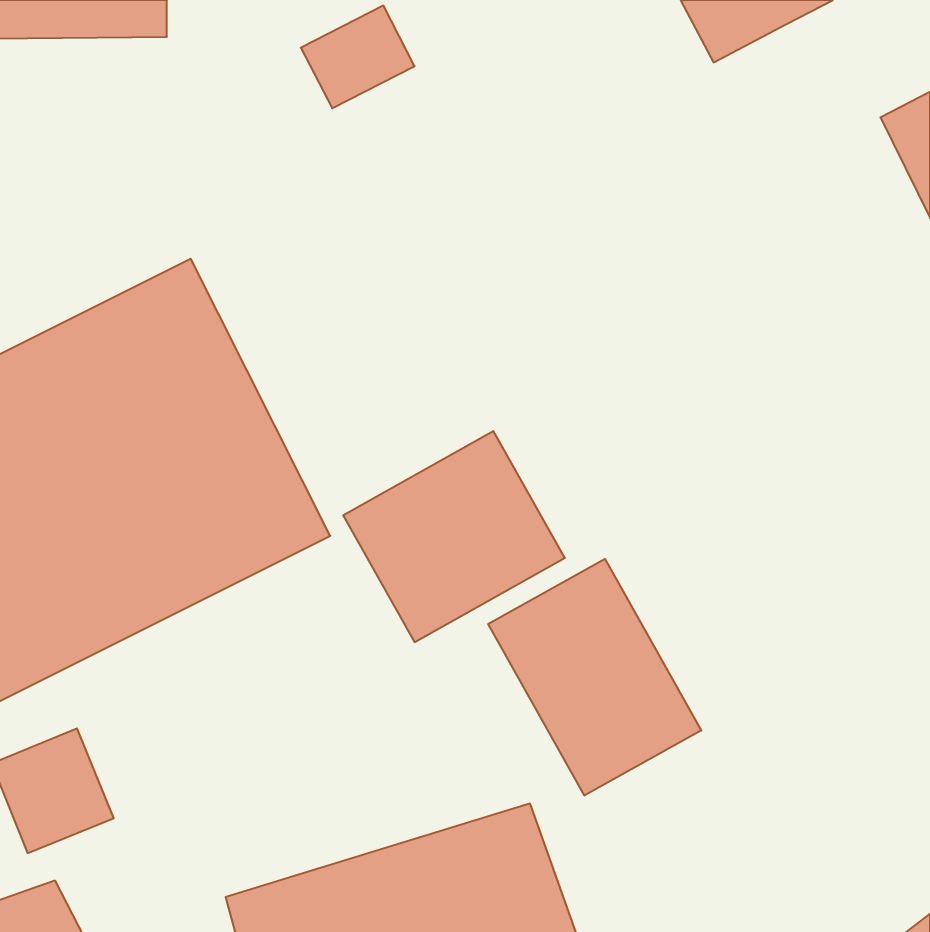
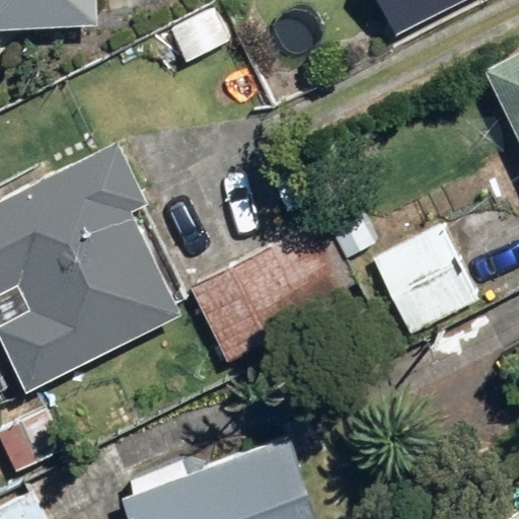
building: none -> [371,224,479,335]
building: [488,559,701,796] -> none

